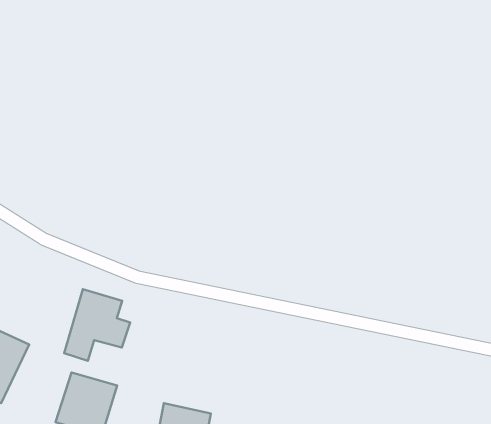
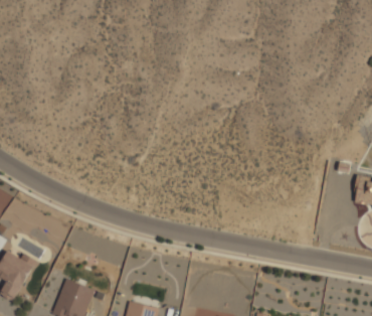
building: [64,289,130,361] -> none

